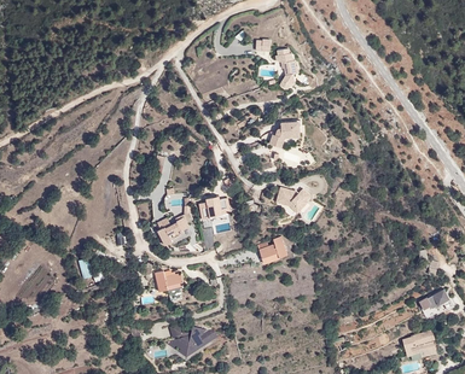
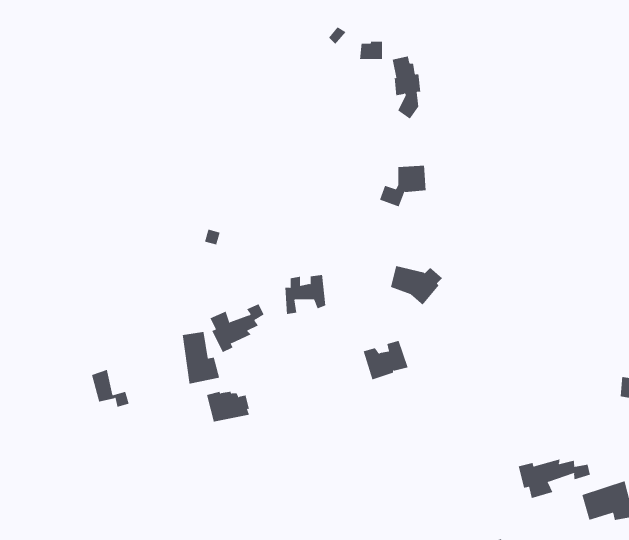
building: none -> [182,331,220,384]
building: none -> [518,458,591,499]
building: [168,322,216,352] -> none

